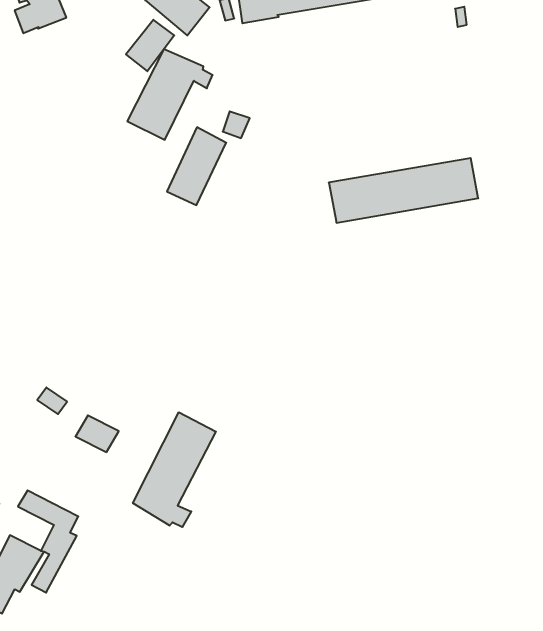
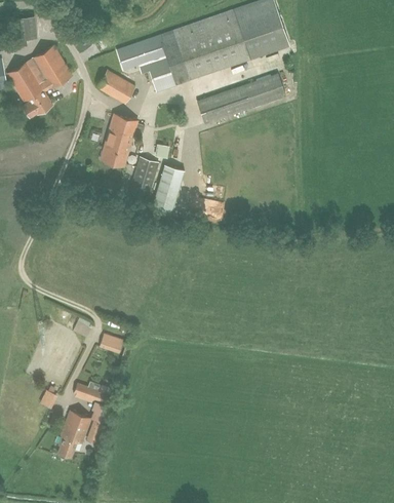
building: [126,20,174,71] -> none
building: none -> [153,163,184,209]
building: [329,158,478,223] -> [197,74,285,124]
building: [133,412,216,527] -> none

